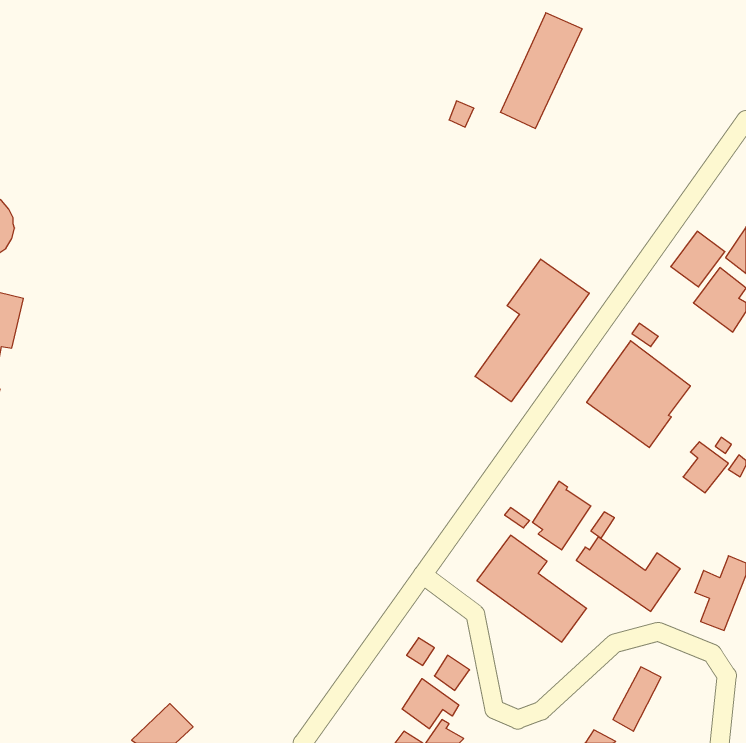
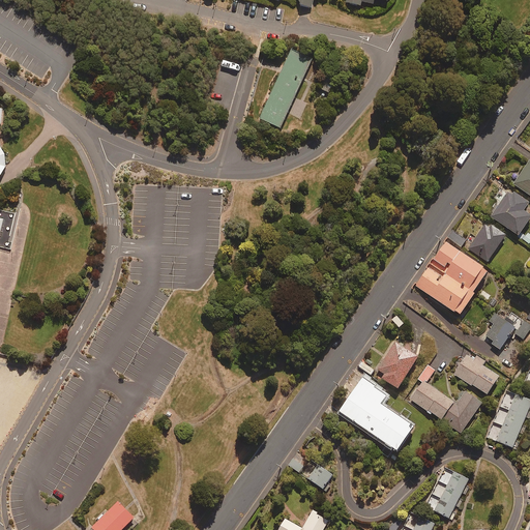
building: [500,13,582,128] -> [256,46,314,127]
building: [671,231,725,287] -> [467,222,505,261]
building: [475,259,589,402] -> none
building: none -> [454,354,499,394]
building: [402,679,459,729] -> none

